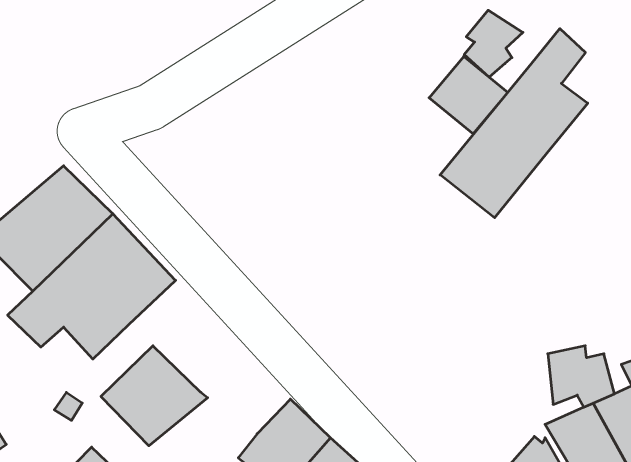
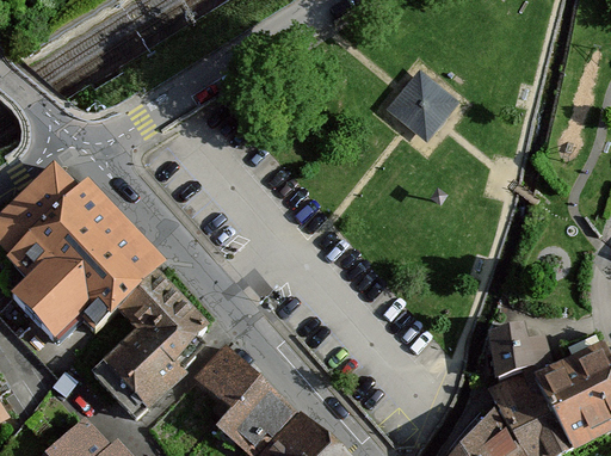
building: [464,10,523,77] -> none
building: [440,29,588,218] -> none
building: none -> [118,270,206,370]
building: none -> [196,346,263,407]

